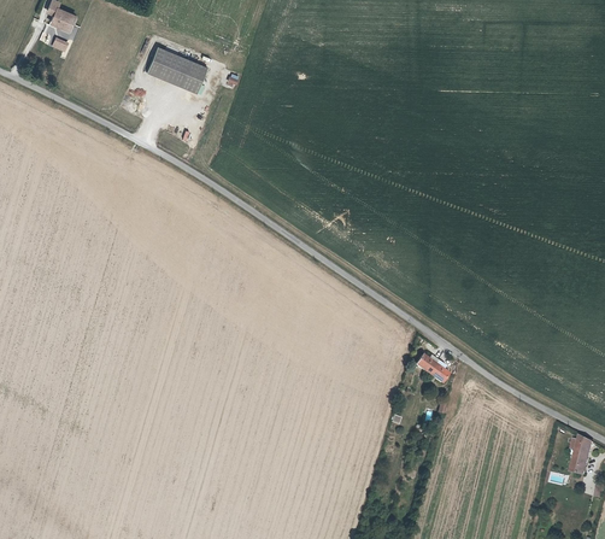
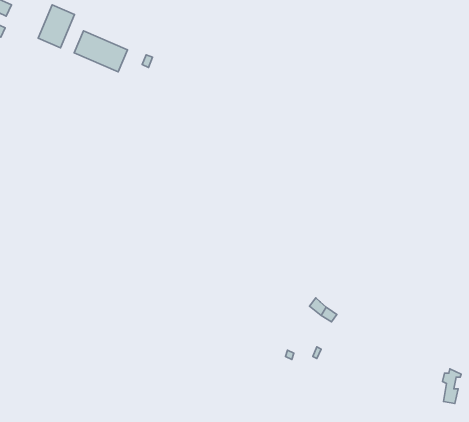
building: none -> [38,5,75,48]

